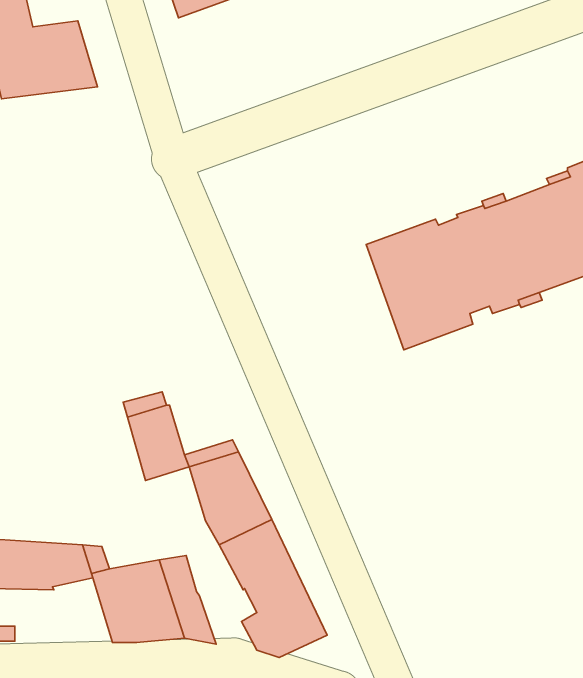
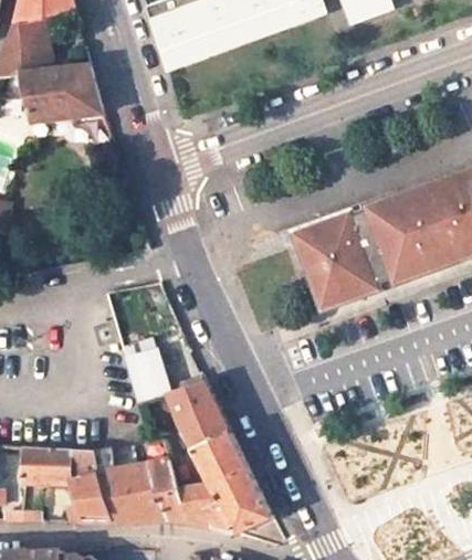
building: none -> [69,476,113,524]
building: none -> [177,484,219,529]

